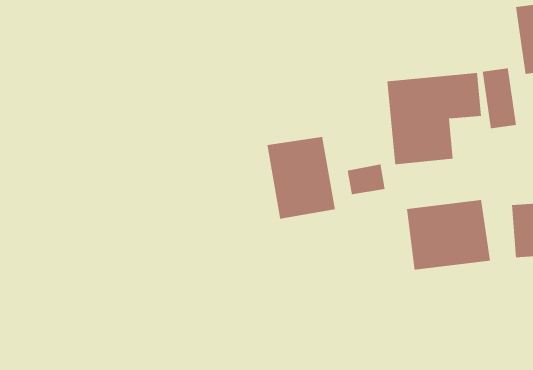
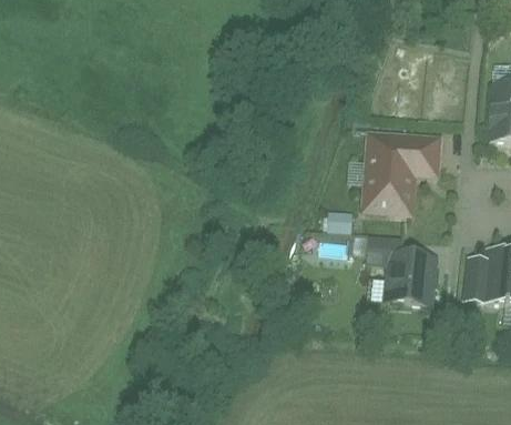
building: [482,67,517,129] -> none
building: [267,136,335,220] -> none

